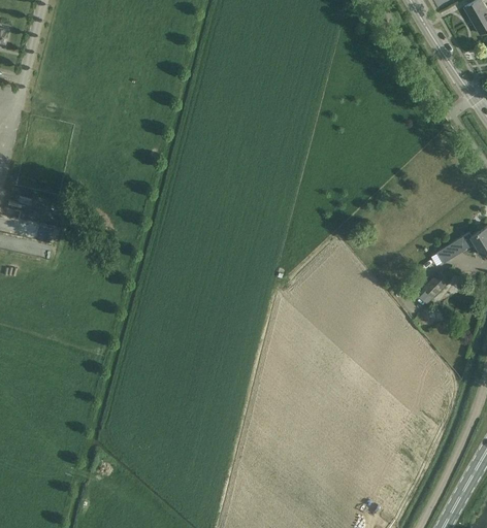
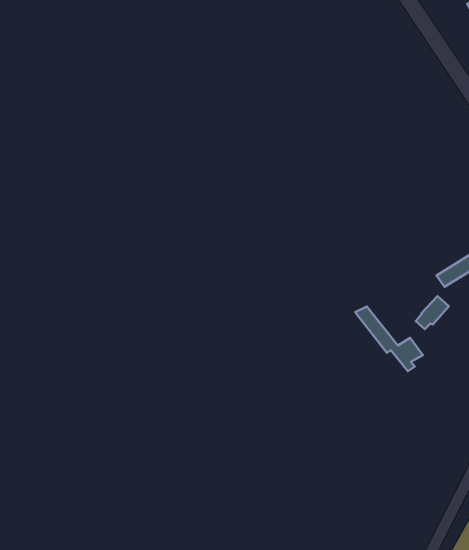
building: none -> [355,307,423,371]

